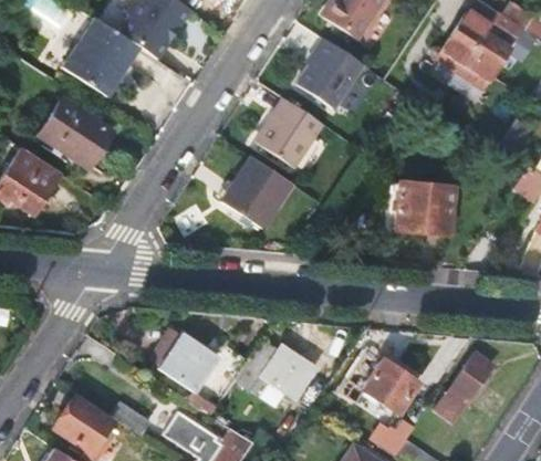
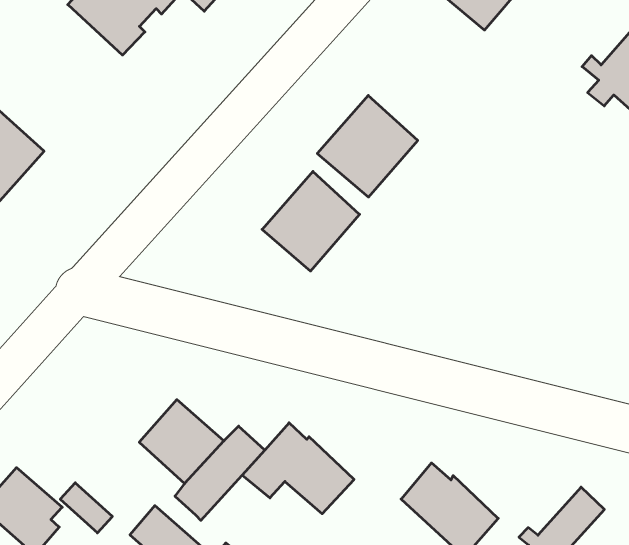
building: [299,38,364,108] -> none
building: [39,98,113,168] -> none
building: [397,179,460,232] -> none

